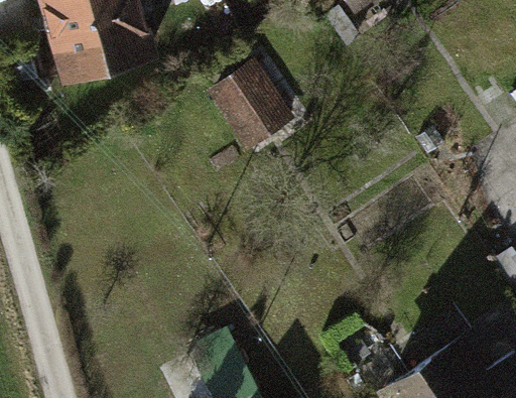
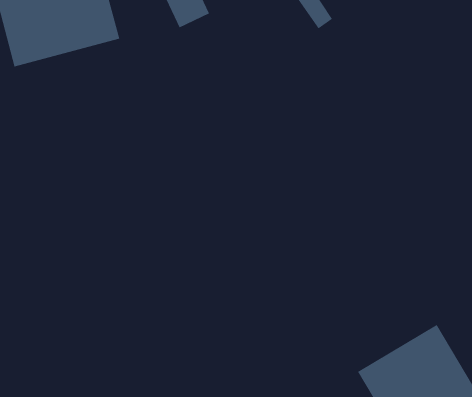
building: [212,58,297,149] -> none

